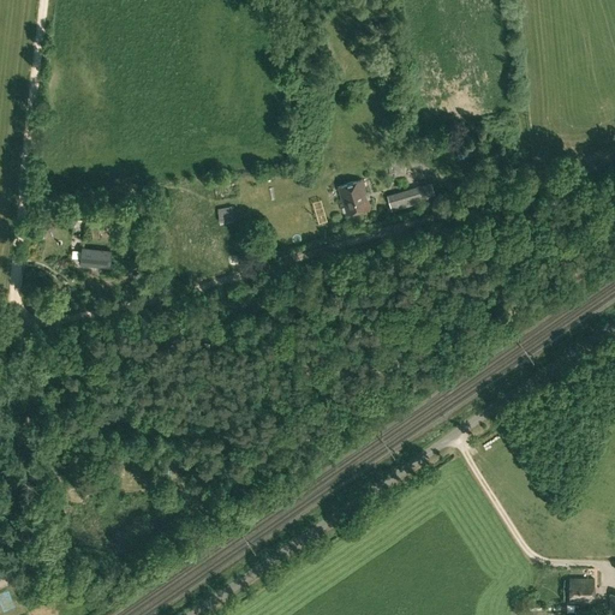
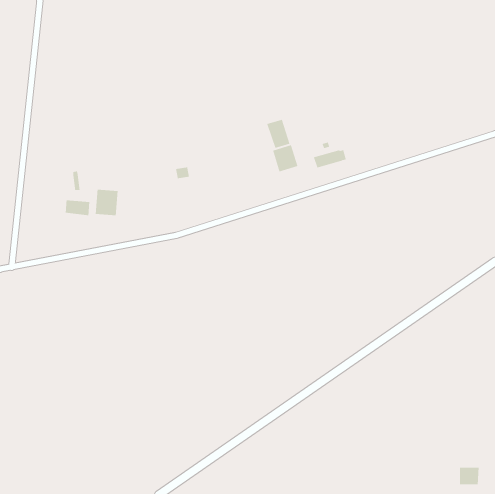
building: none -> [266,119,290,149]
building: none -> [95,189,119,216]

